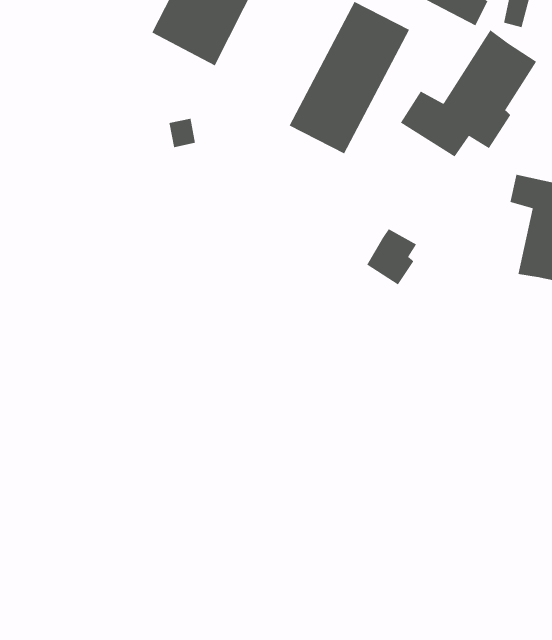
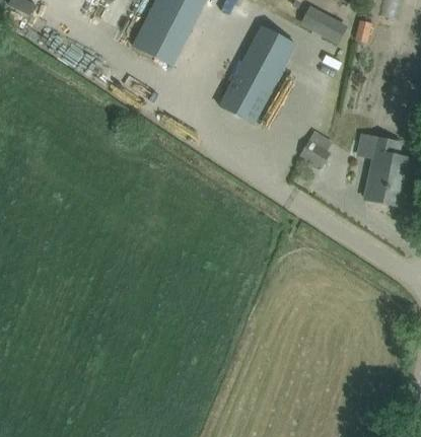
building: [400,29,537,157] -> none
building: [366,228,417,286] -> [300,131,333,167]

